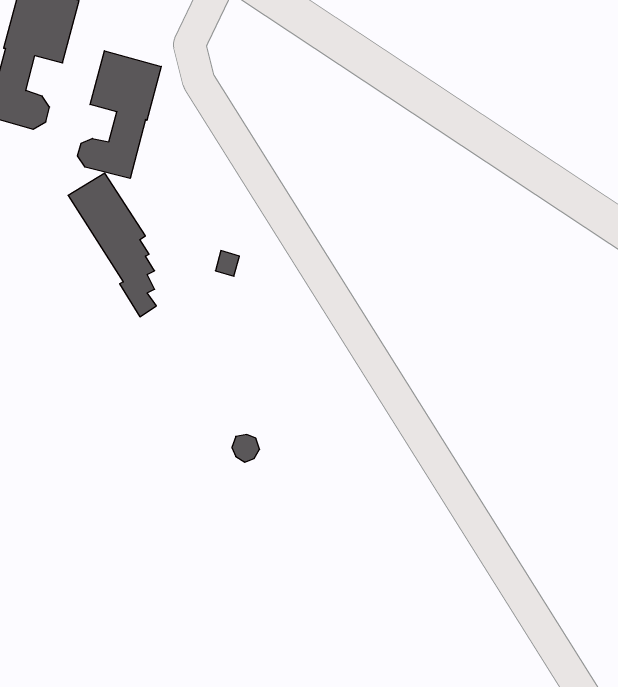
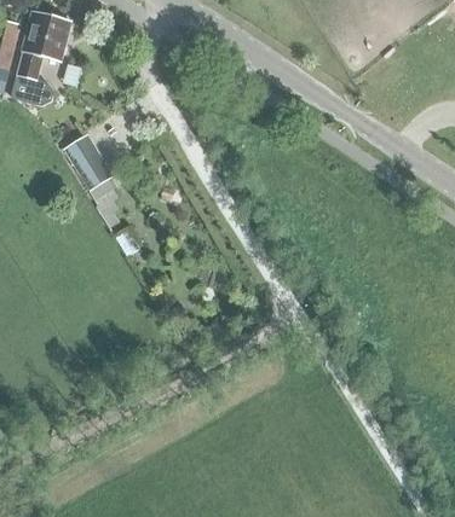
building: [77,51,161,178] -> none

